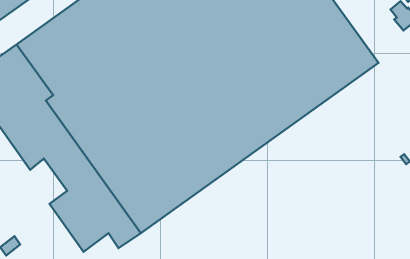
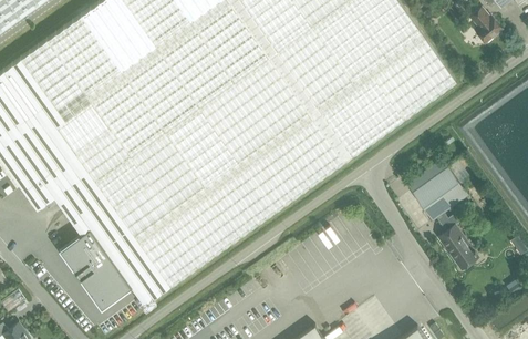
building: none -> [412,164,469,220]
building: none -> [438,213,480,269]

